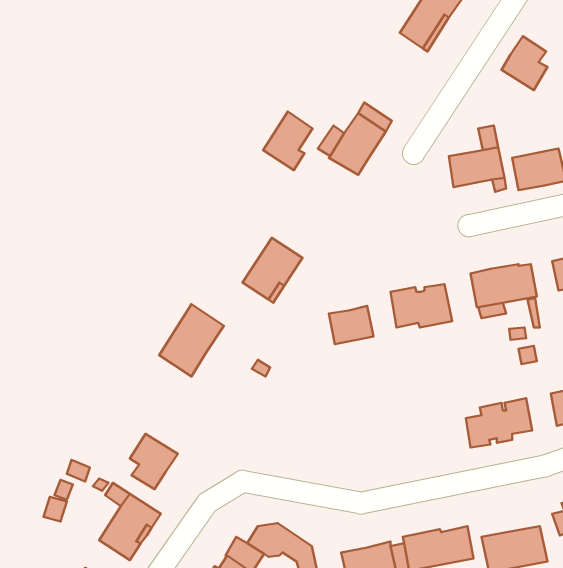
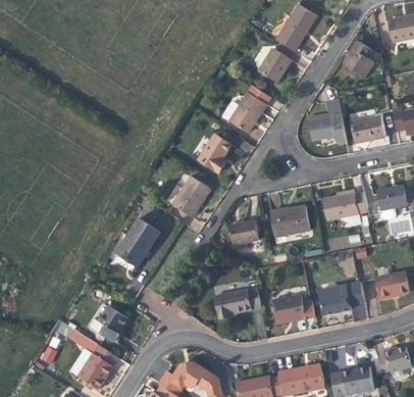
building: none -> [258,47,291,80]
building: [263,112,312,170] -> [198,134,230,172]
building: none -> [215,288,261,318]
building: none -> [271,294,314,321]

